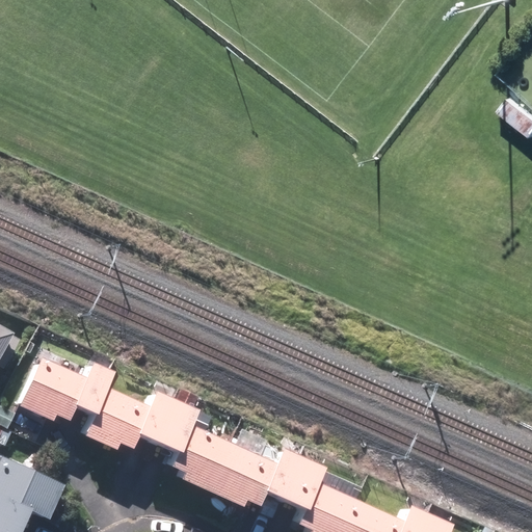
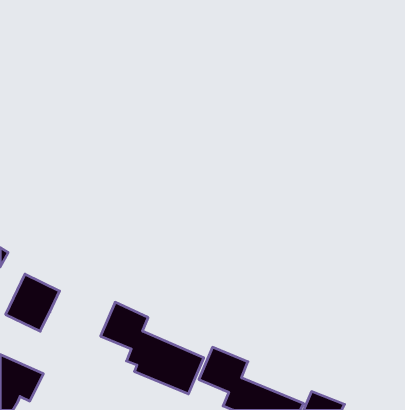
building: [73,360,145,456] -> none

